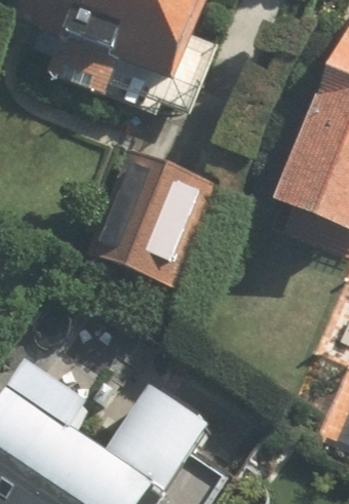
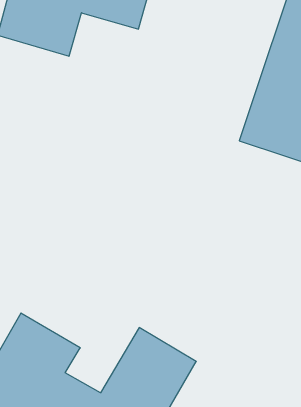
building: [88,152,208,286] -> none

